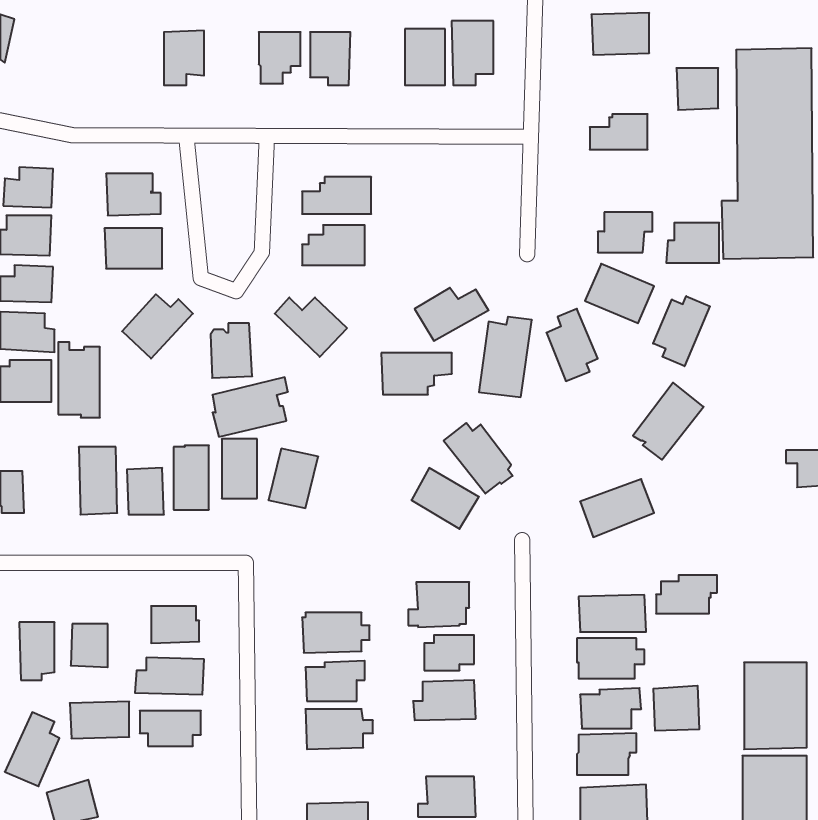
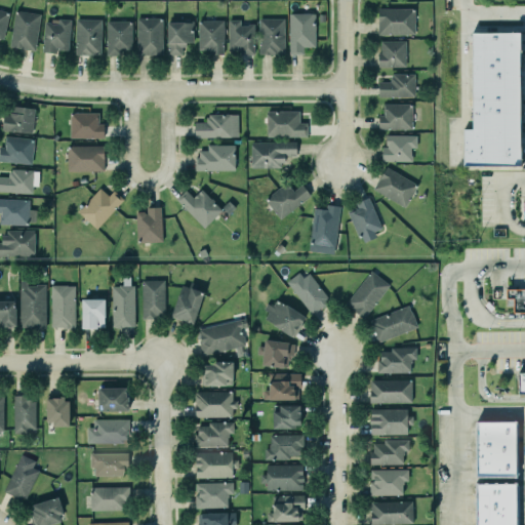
building: none -> [9,9,41,50]
building: none -> [137,17,163,55]
building: none -> [42,18,71,53]
building: none -> [77,21,103,56]
building: none -> [229,21,256,55]
building: [676,68,718,110] -> [380,42,407,69]
building: none -> [267,111,308,136]
building: [666,223,719,263] -> [378,104,412,129]
building: [653,296,710,366] -> none
building: [58,342,100,418] -> [21,281,47,329]
building: [381,353,452,395] -> [251,142,296,168]
building: [212,377,288,437] -> [199,318,247,356]
building: [633,383,704,460] -> [346,270,391,319]
building: none -> [259,341,296,368]
building: none -> [206,363,235,387]
building: [656,575,717,614] -> [377,348,416,372]
building: [653,686,699,731] -> none
building: [70,702,129,738] -> [91,488,129,512]
building: none -> [260,465,304,490]
building: none -> [197,483,235,510]

